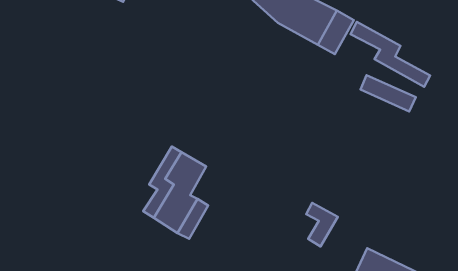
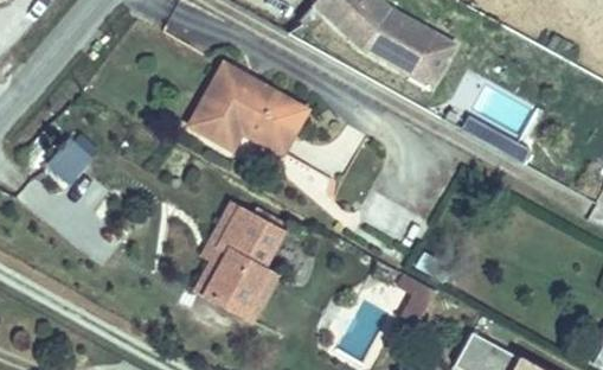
building: [350,22,430,87] -> none
building: none -> [180,68,299,157]
building: none -> [46,136,95,186]

